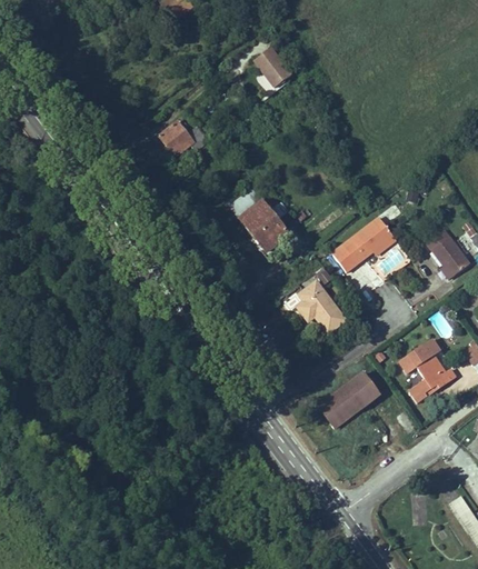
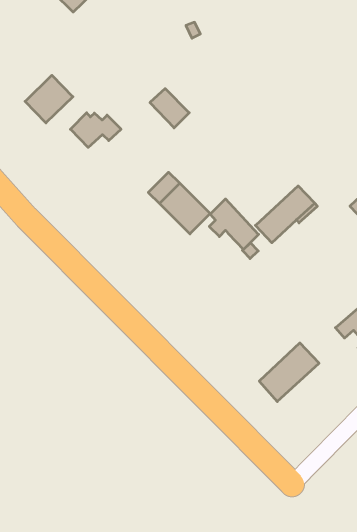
building: [253,48,291,88] -> [150,89,189,128]
building: none -> [25,75,73,123]
building: [297,281,345,333] -> [209,199,259,250]

